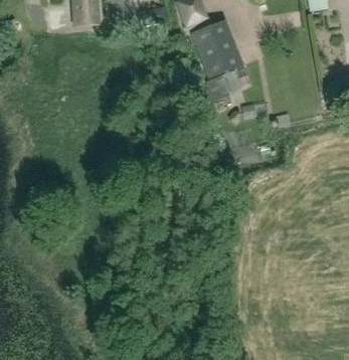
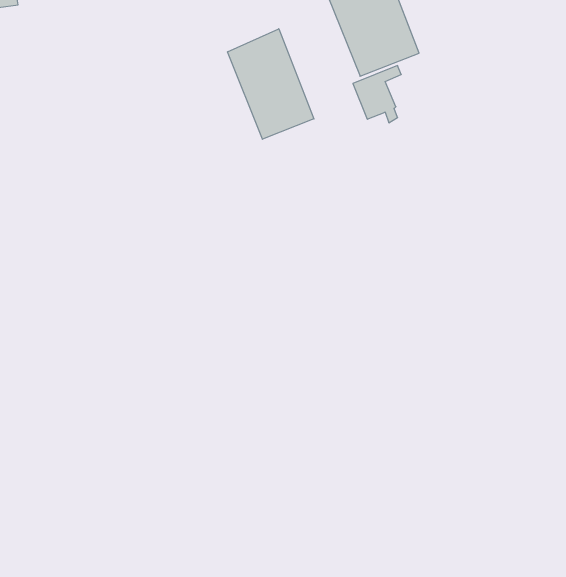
building: none -> [228,29,314,139]

